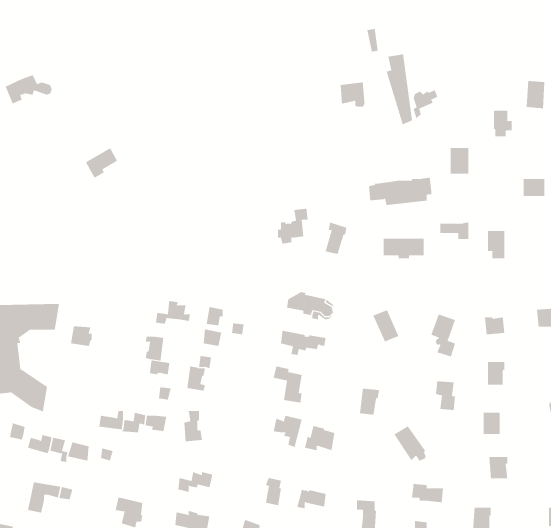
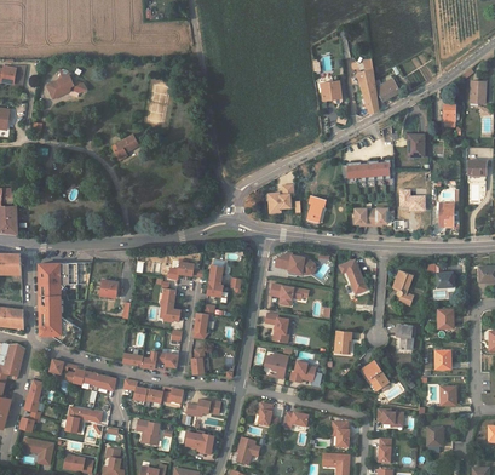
building: none -> [133,387,183,407]

